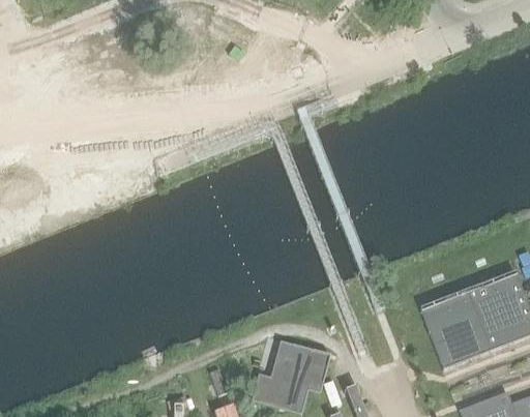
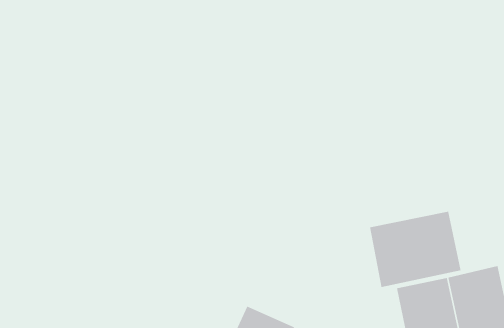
building: none -> [369,211,461,288]

